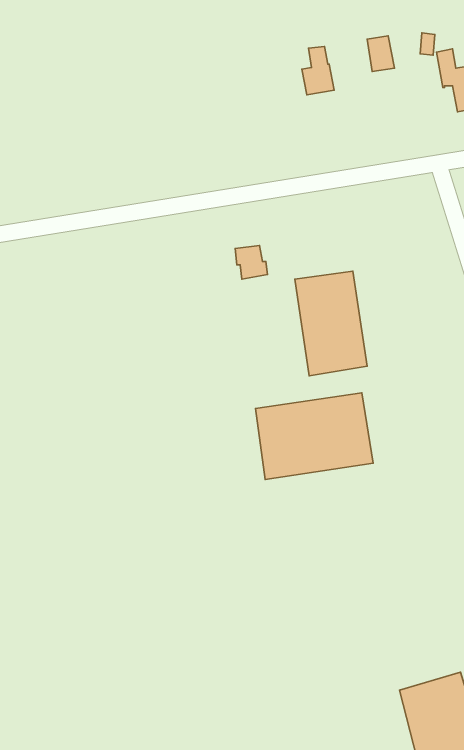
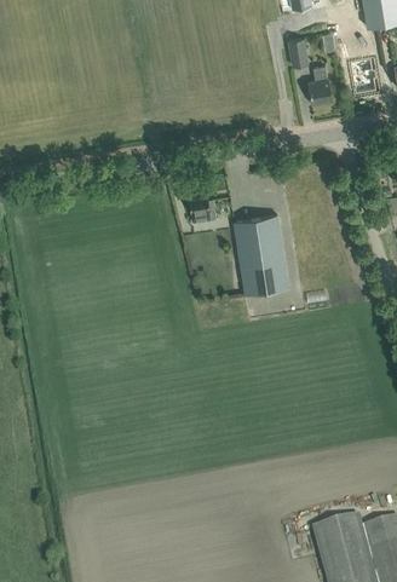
building: [302,47,334,95] -> [307,68,332,104]
building: [256,393,373,479] -> none

